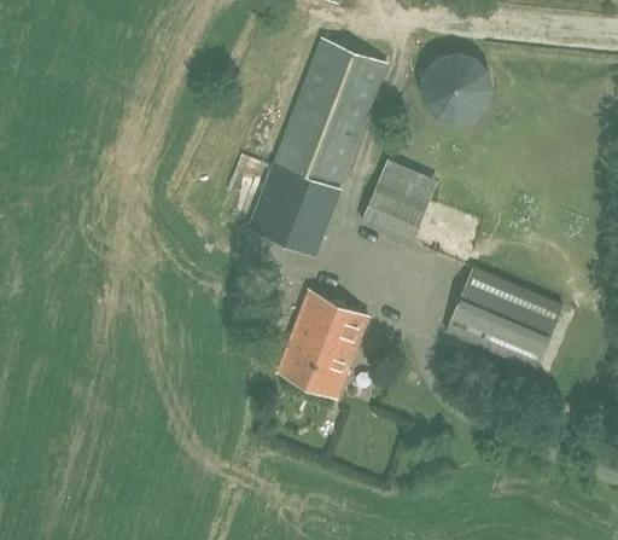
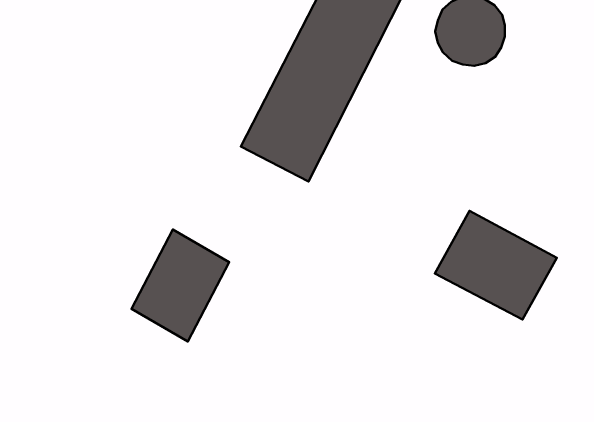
building: [360,157,438,244] -> none
building: [279,290,368,396] -> [131,230,229,342]

